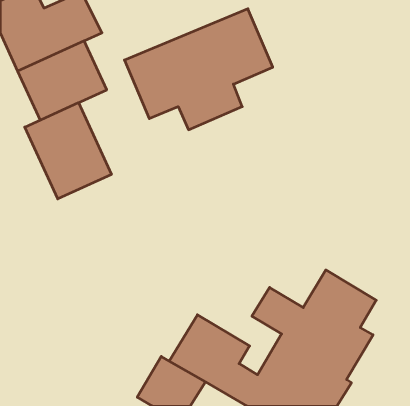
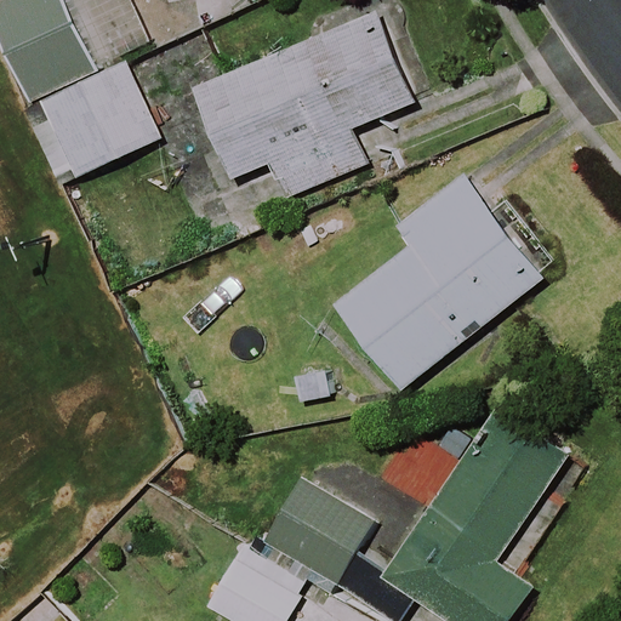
building: [25,103,111,199] -> none
building: none -> [334,173,543,388]

